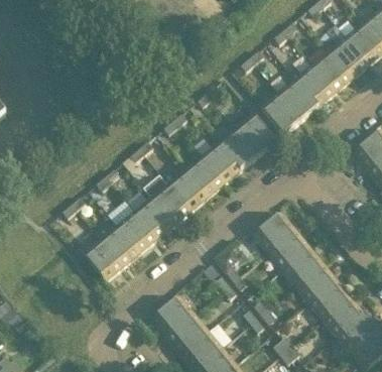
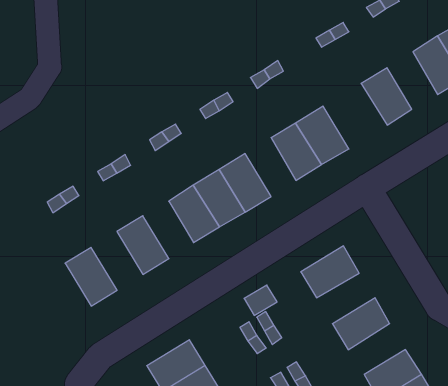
building: [292,64,332,105] -> none
building: [258,92,298,134] -> none
building: [199,140,238,182] -> none
building: [131,197,170,238] -> none
building: [97,224,137,266] -> none
building: [265,229,307,268] -> none
building: [293,262,335,301] -> none

